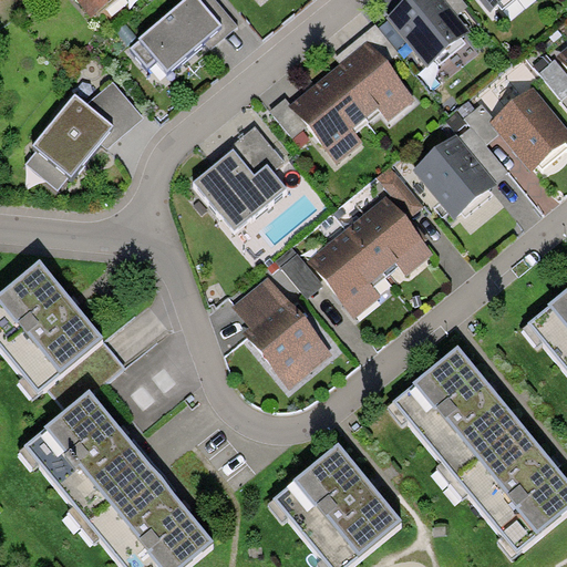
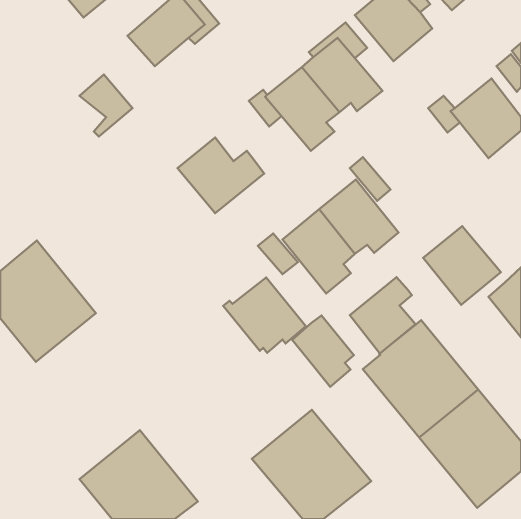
building: [25,94,115,189] -> none
building: [230,126,285,175] -> none
building: [413,134,497,219] -> [423,226,501,305]
building: [233,278,289,330] -> none
building: none -> [350,277,416,353]
building: none -> [292,316,354,387]
building: [27,392,152,520] -> none

